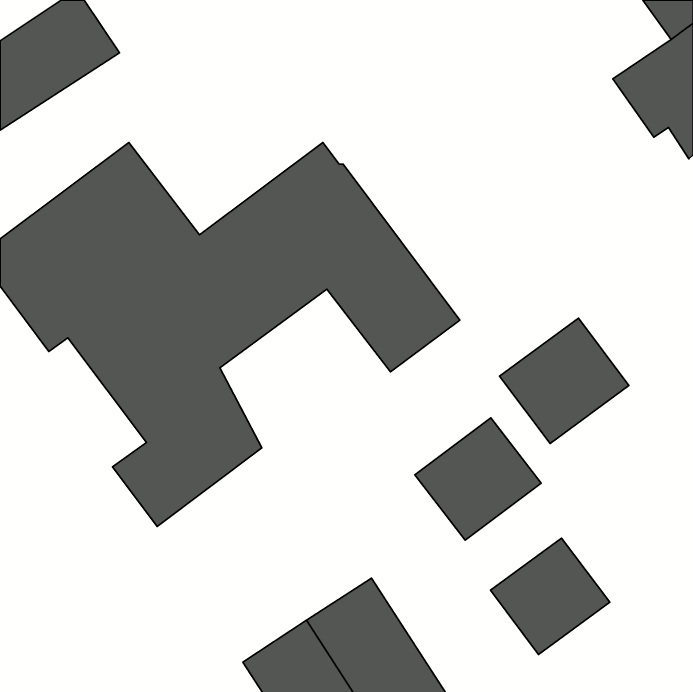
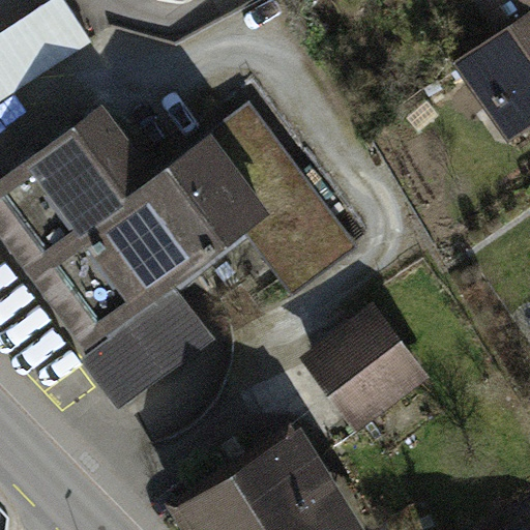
building: [500,318,629,443] -> none
building: [491,538,610,654] -> none

